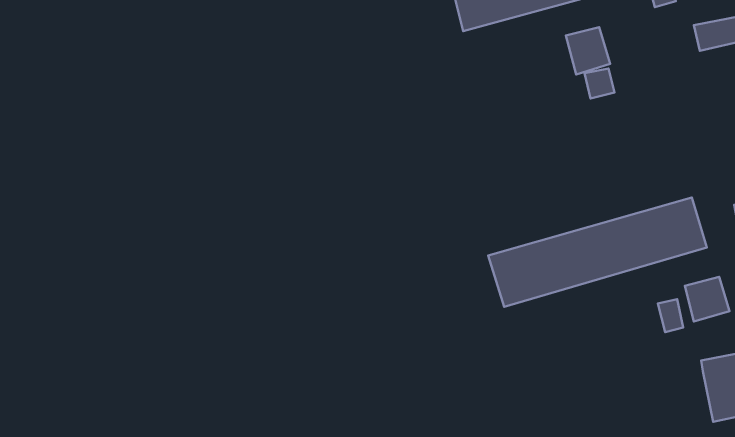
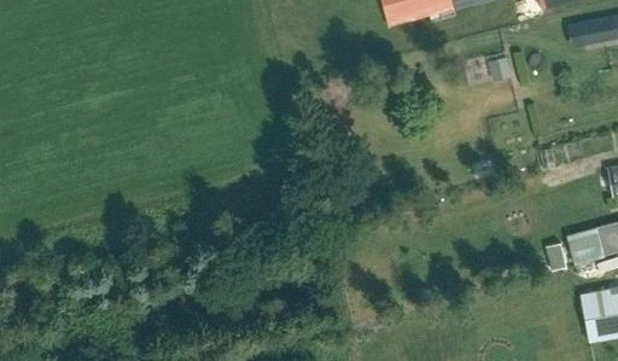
building: [566,27,610,74] -> none
building: [488,198,707,307] -> none

